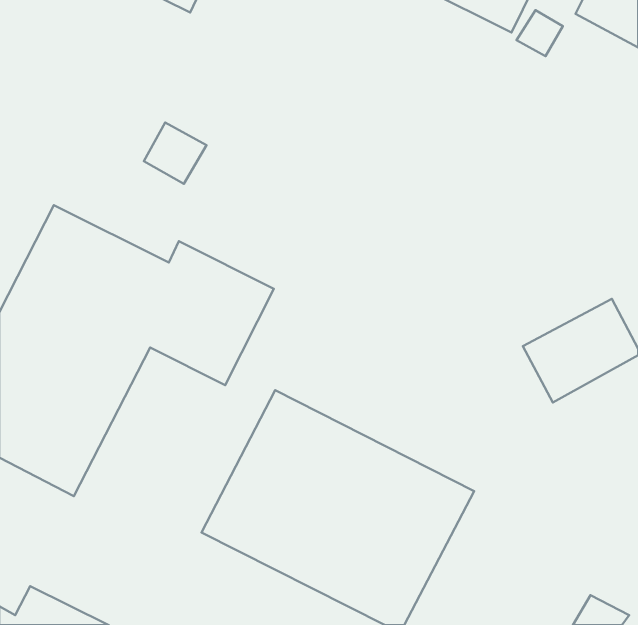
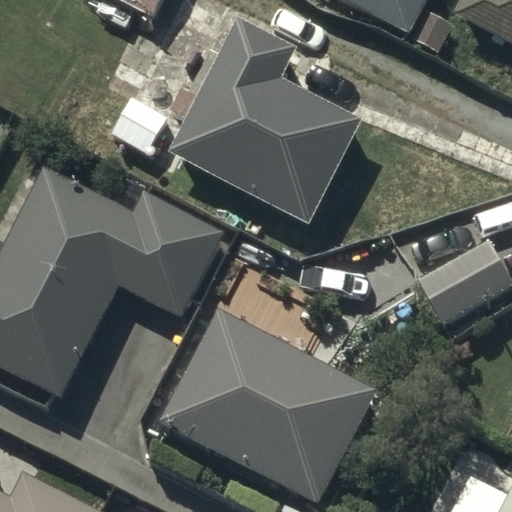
building: none -> [174,18,360,219]

